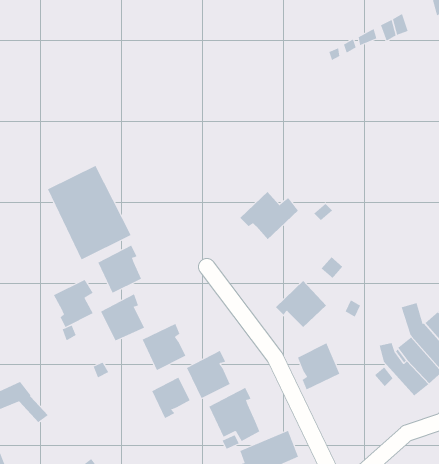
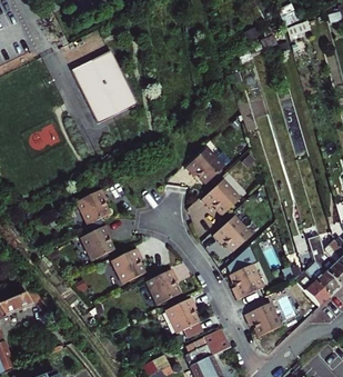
building: [47,165,131,260] -> [70,56,133,127]
building: none -> [203,181,241,217]
building: [53,279,94,328] -> none
building: [151,377,190,419] -> none
building: none -> [243,302,281,336]

